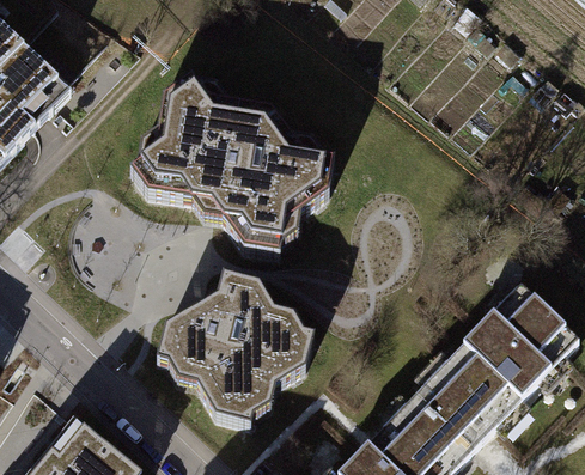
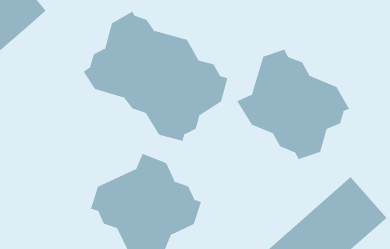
building: none -> [236,49,350,160]

